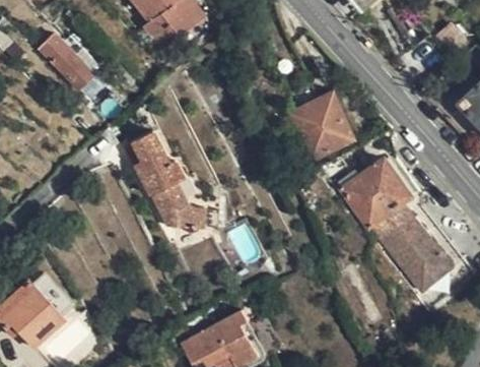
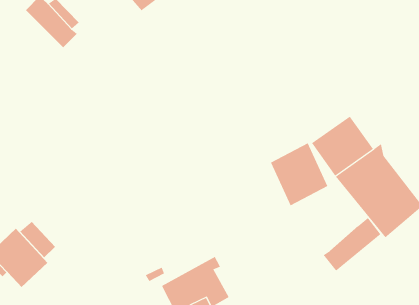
building: [289,94,351,162] -> [270,143,328,206]
building: [123,132,201,229] -> none
building: none -> [323,217,381,271]

